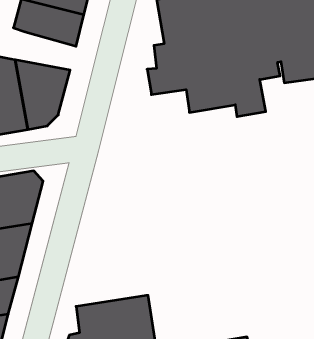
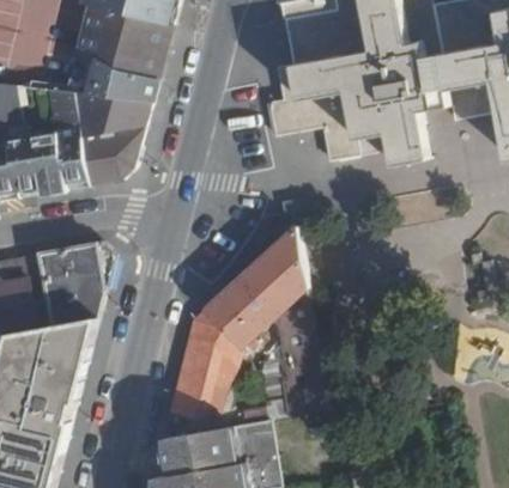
building: none -> [69,45,162,102]
building: none -> [170,222,329,420]

